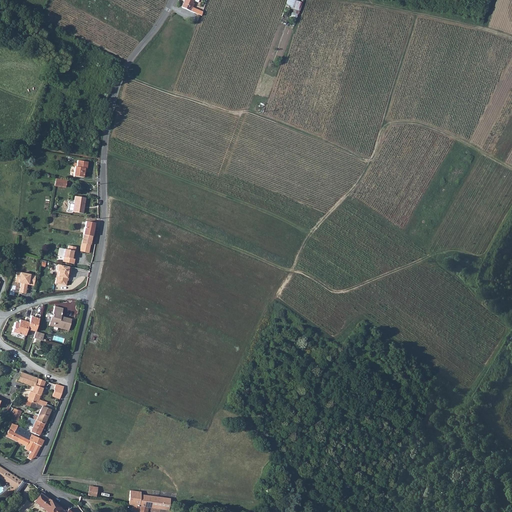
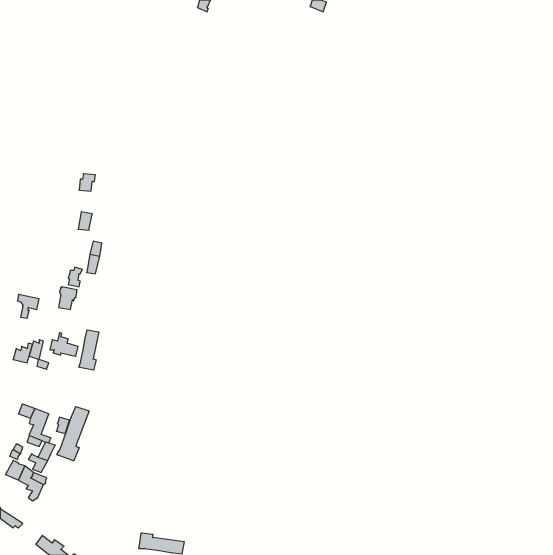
building: none -> [79,330,99,370]
building: none -> [57,407,89,461]

